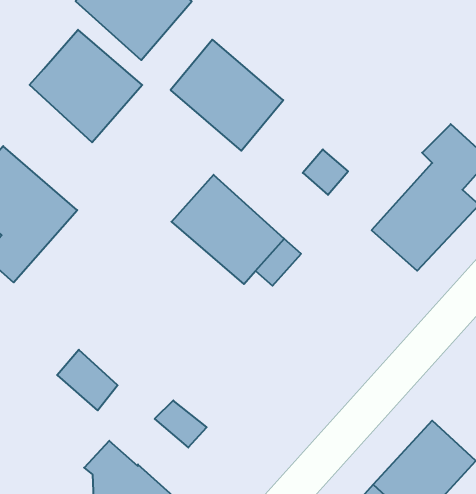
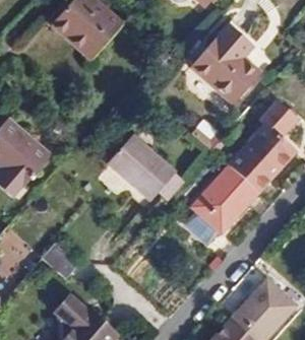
building: [30,30,142,142] -> none
building: [171,40,283,151] -> [193,37,261,104]
building: none -> [192,166,257,231]

